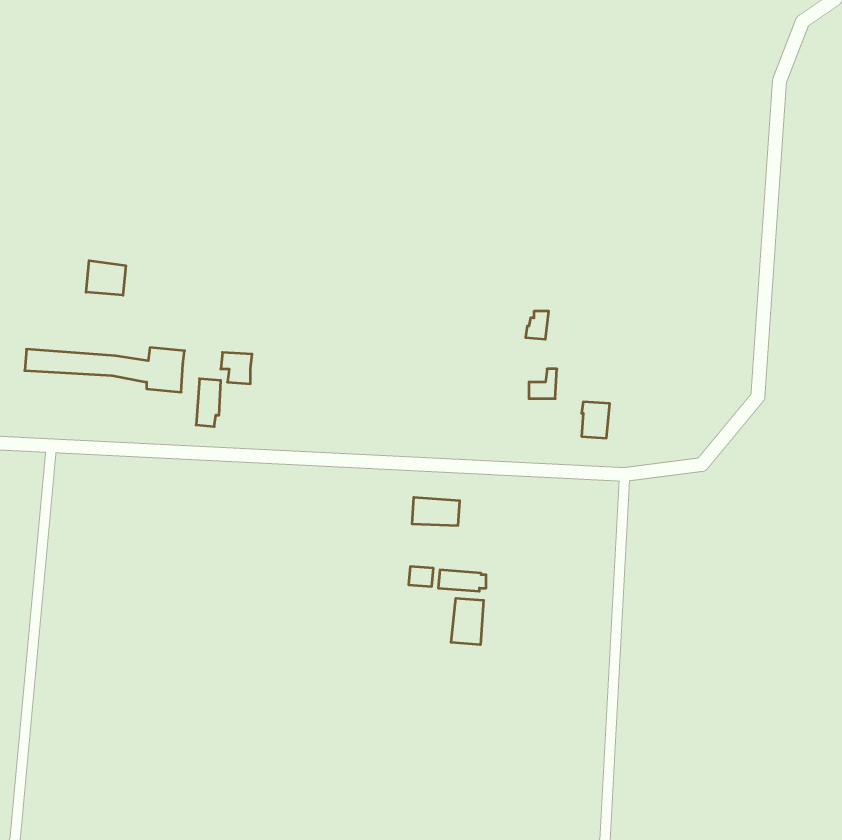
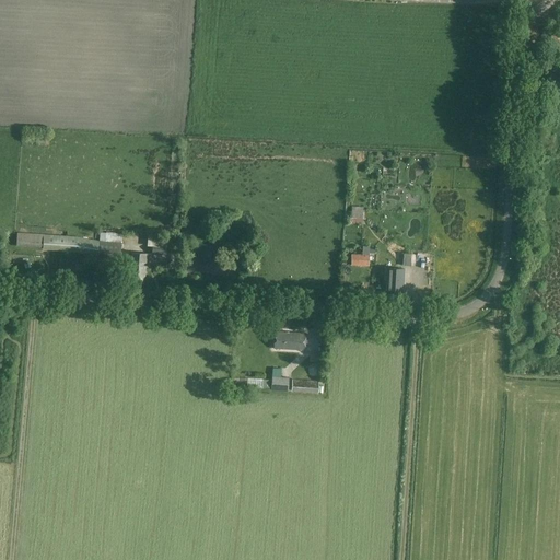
building: [86,261,126,295] -> none
building: [451,598,484,645] -> none

